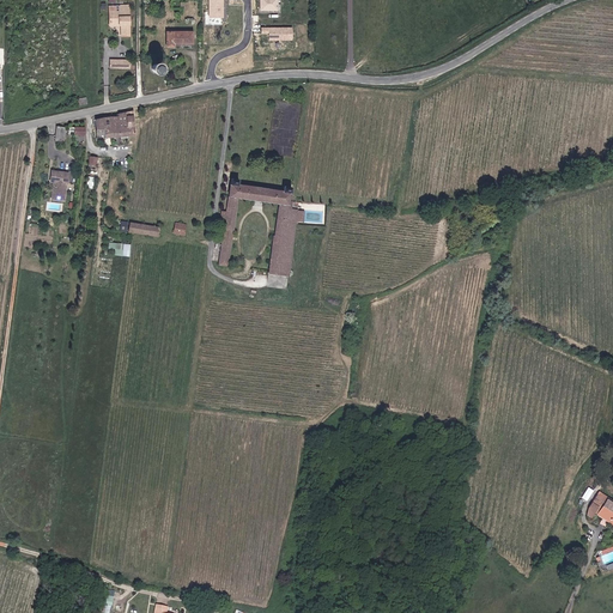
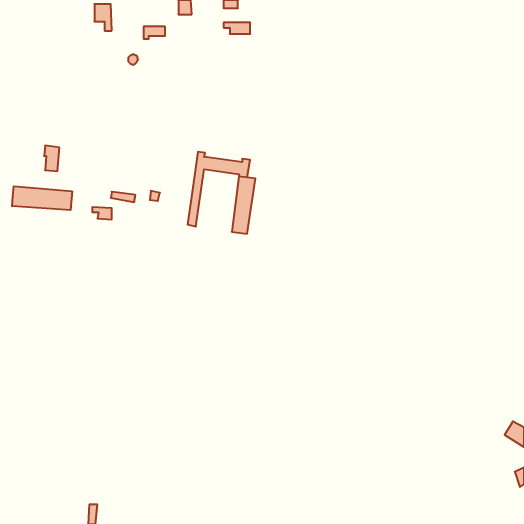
building: [96,110,135,138] -> none
building: none -> [12,186,72,210]

